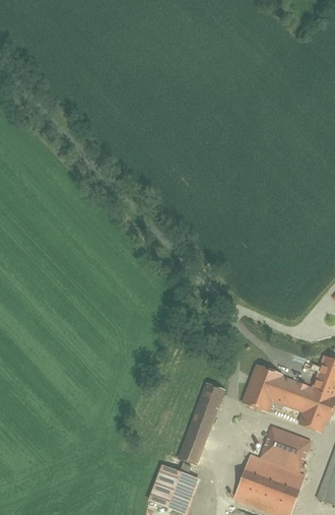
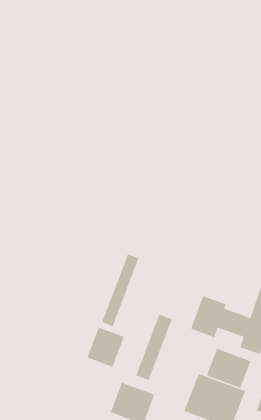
building: none -> [101,253,139,327]
building: none -> [87,327,125,368]

